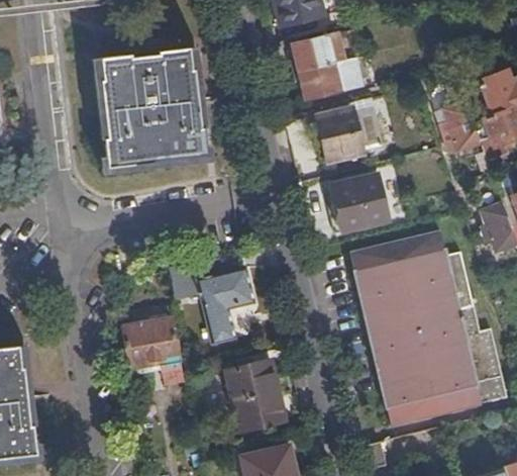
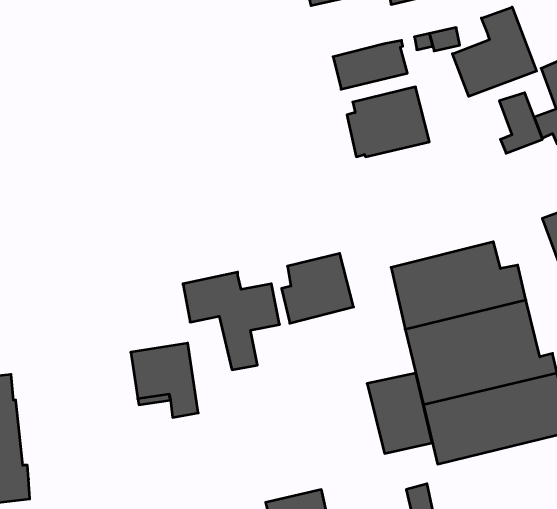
building: none -> [452,7,537,96]
building: [294,34,344,72] -> none
building: [101,51,208,170] -> none
building: [327,175,390,235] -> [282,253,354,323]
building: [227,363,284,433] -> [367,373,432,453]

